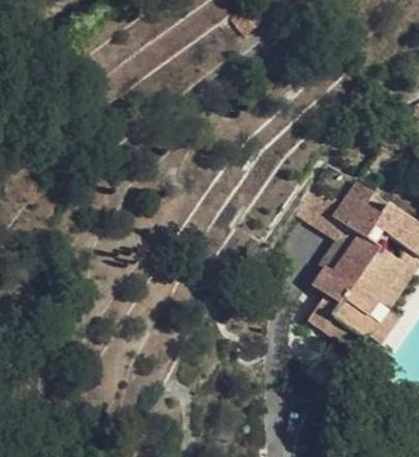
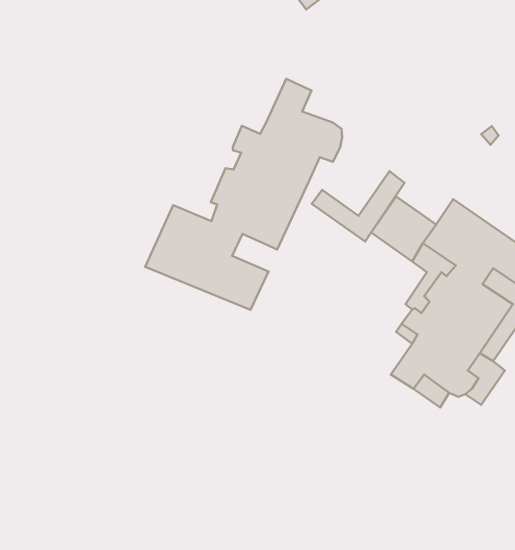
building: none -> [145,79,342,310]
building: none -> [312,171,405,241]

